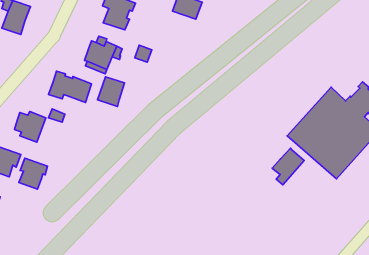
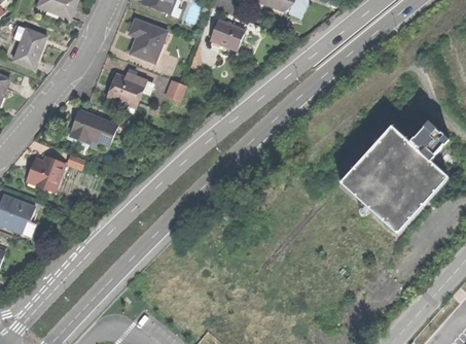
building: [98,77,124,107] -> none
building: [272,148,304,185] -> none
building: [19,158,48,189] -> none

